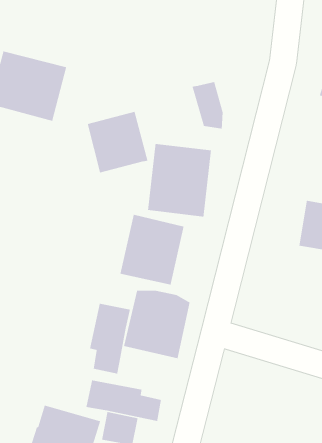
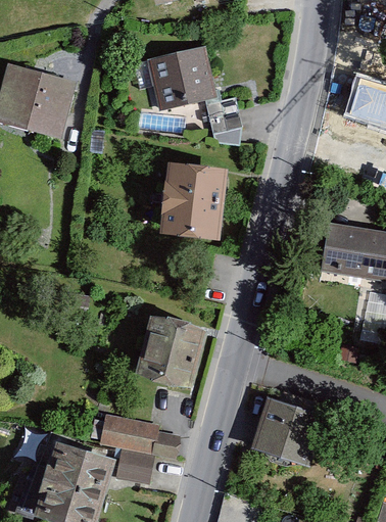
building: [87,111,148,174] -> [148,48,213,114]
building: [120,214,185,285] -> none
building: [89,303,131,375] -> none
building: none -> [247,394,324,466]

